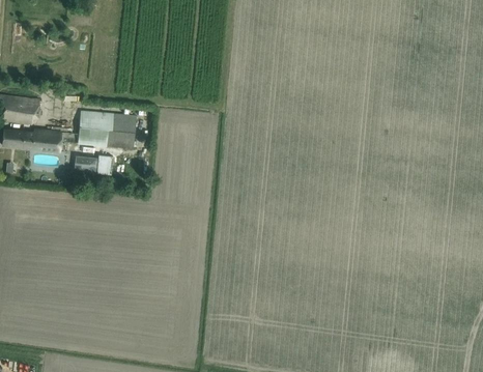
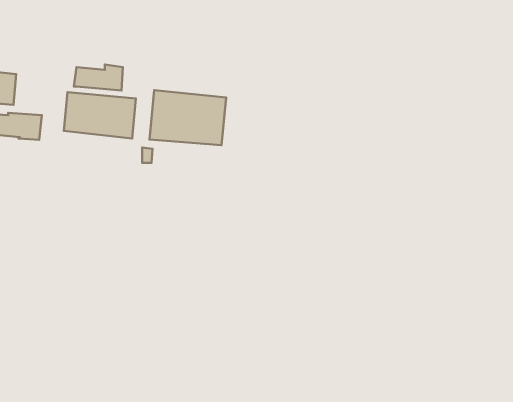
building: none -> [150,90,226,145]
building: [74,153,113,174] -> [74,65,123,90]

